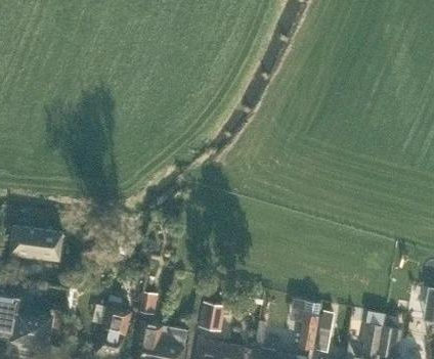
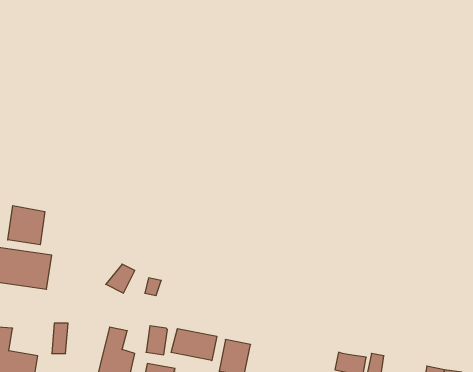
building: none -> [8,206,45,245]
building: none -> [171,329,217,361]

